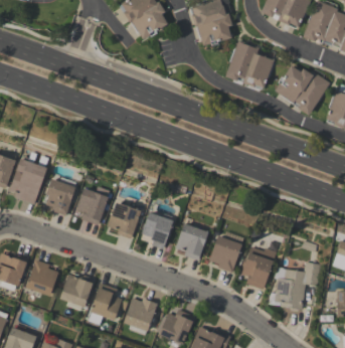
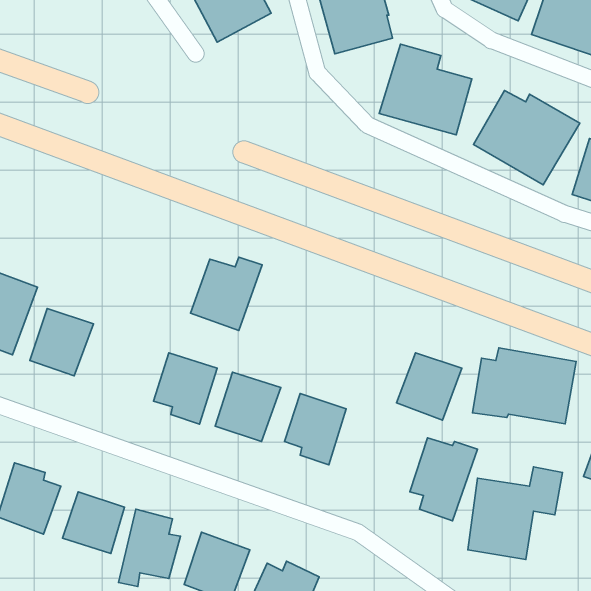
building: [73,186,111,224] -> [191,257,262,330]
building: none -> [472,348,576,424]
building: [208,235,242,271] -> [396,353,462,420]

